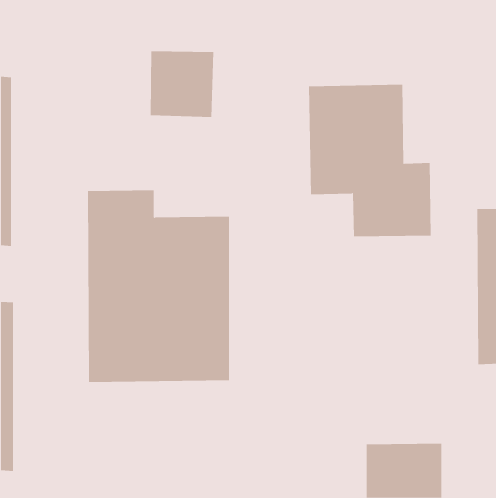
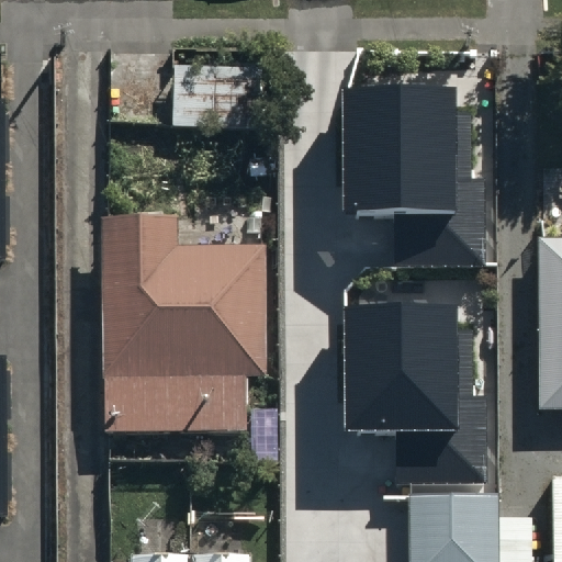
building: none -> [351,307,490,479]

